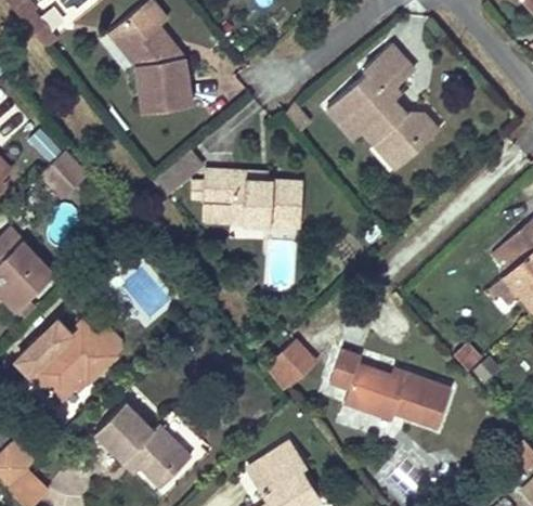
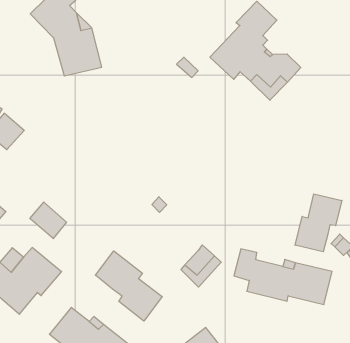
building: [203,170,302,226] -> none
building: none -> [30,202,66,239]
building: none -> [295,194,342,252]
building: none -> [95,251,162,321]

